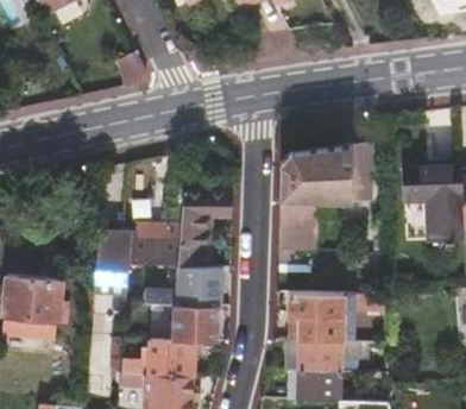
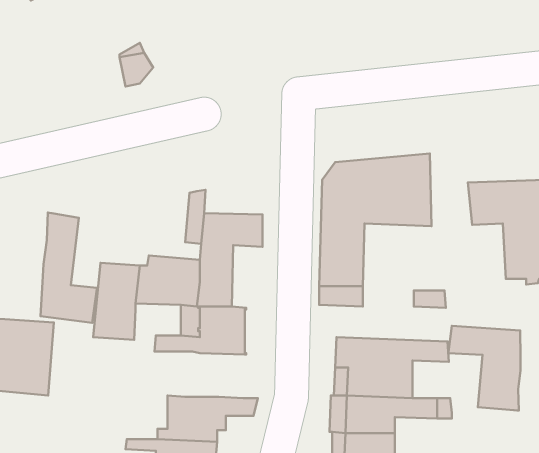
building: none -> [40,213,97,323]
building: none -> [448,326,520,411]
building: [174,303,218,341] -> none

